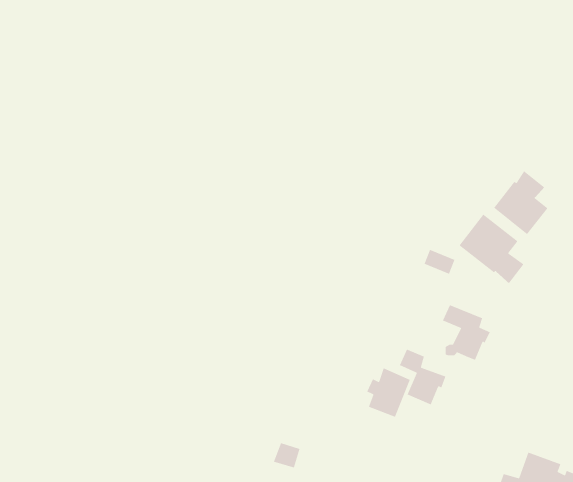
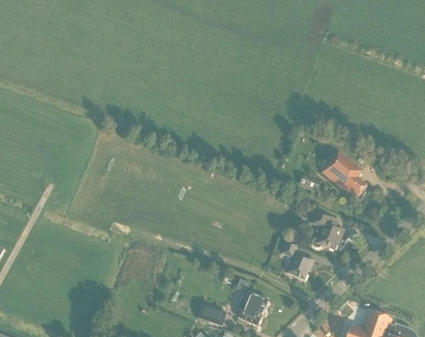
building: [493,170,548,235] -> none
building: [366,367,411,418] -> [238,290,268,325]

